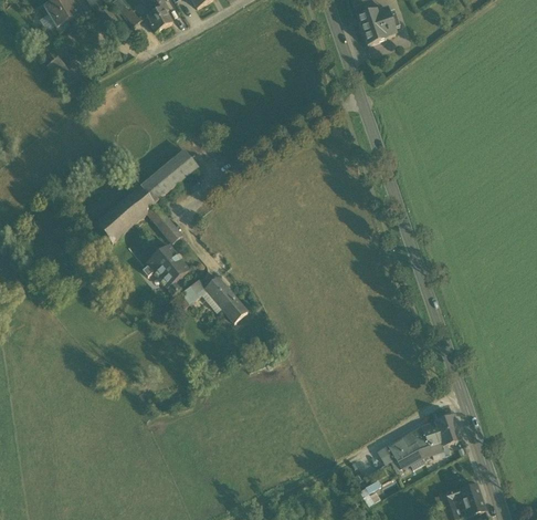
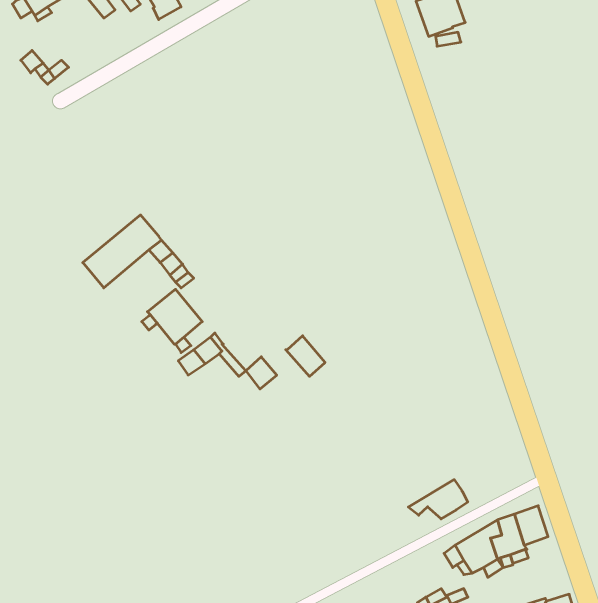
building: [140,148,198,201] -> none
building: [204,275,235,308] -> [286,336,325,376]
building: none -> [408,480,468,519]

